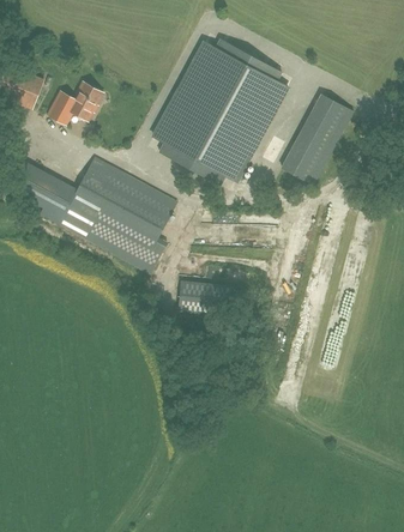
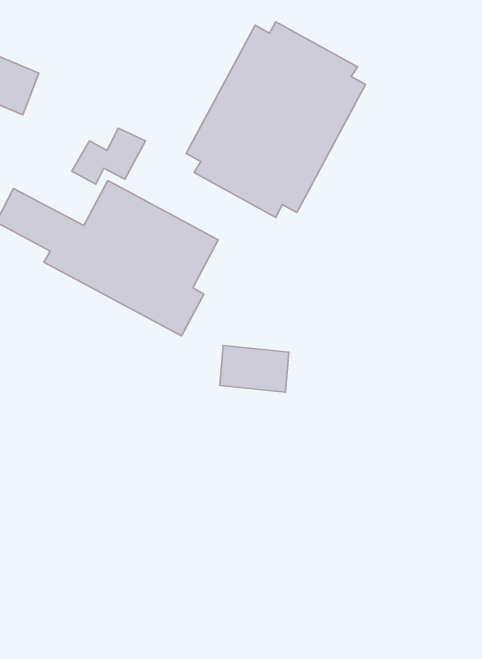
building: [48,80,103,122] -> [72,128,146,184]
building: [282,92,354,185] -> none

